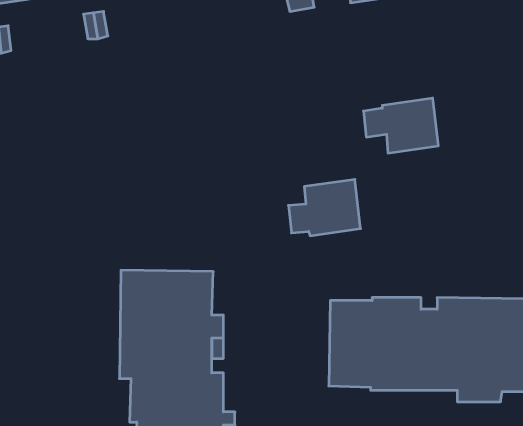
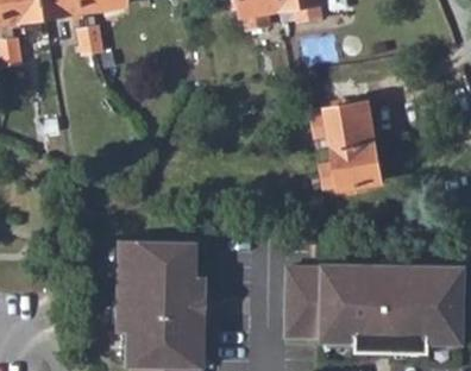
building: [288,179,361,236] -> [320,140,379,187]

